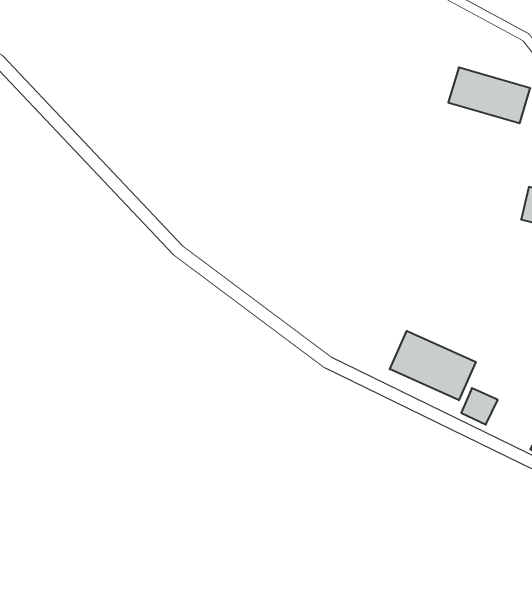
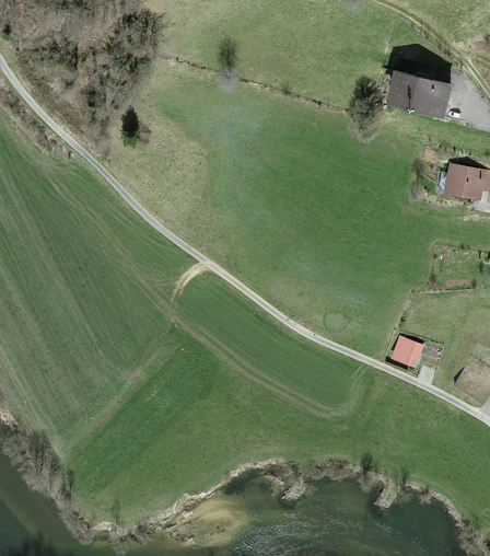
building: [390,331,476,400] -> none

